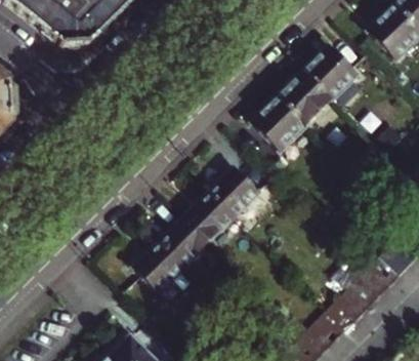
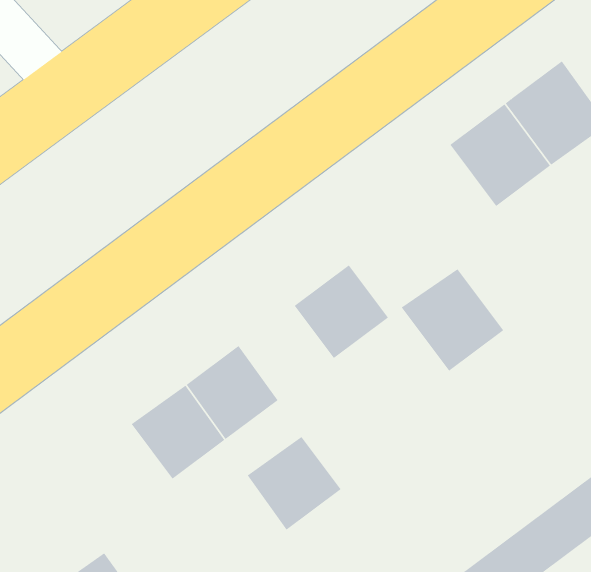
building: [254,94,309,149] -> [401,268,504,372]
building: [186,190,237,240] -> [247,436,342,530]

